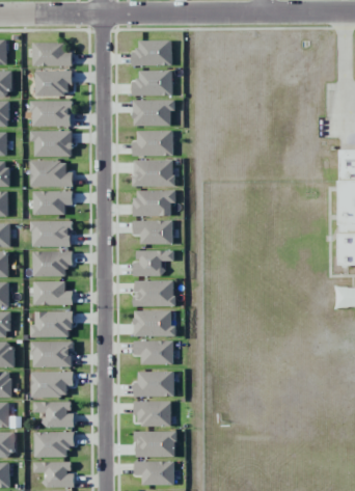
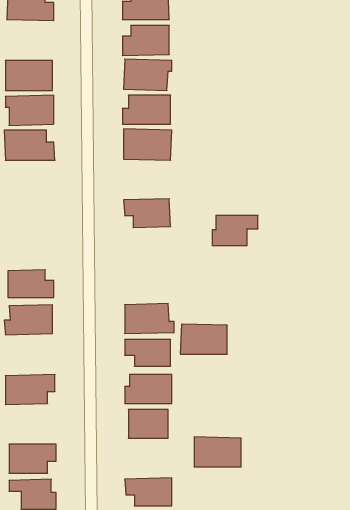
building: [35,71,73,97] -> none
building: [134,190,176,217] -> none
building: [33,191,73,215] -> none
building: [31,221,72,246] -> none
building: [134,250,173,276] -> [212,215,258,246]
building: [32,251,73,276] -> none
building: [134,280,174,306] -> [180,324,227,354]
building: [32,342,73,367] -> none
building: [34,402,74,428] -> none
building: [135,431,175,457] -> [194,437,241,467]

